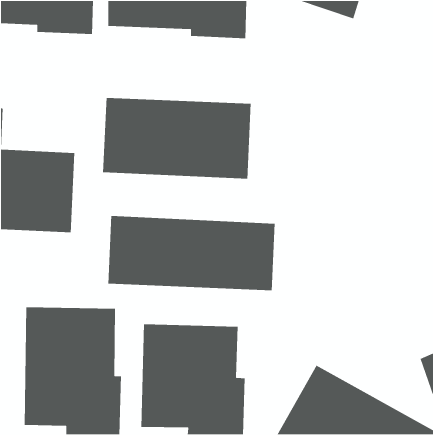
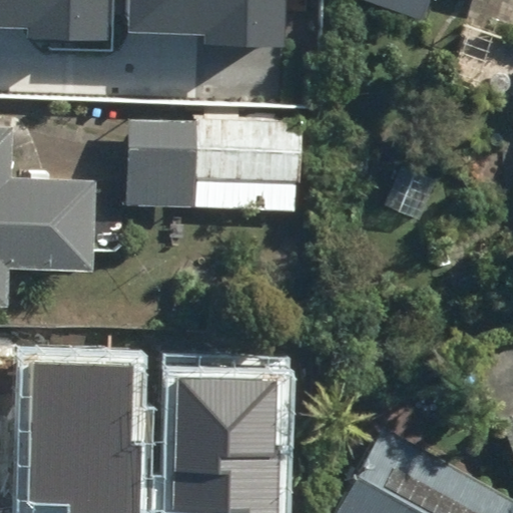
building: [107,215,276,291] -> none

